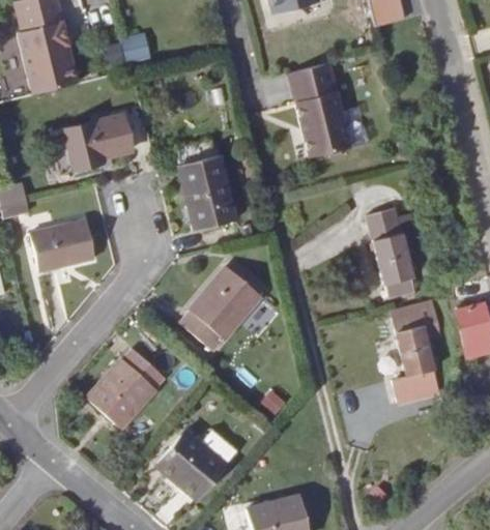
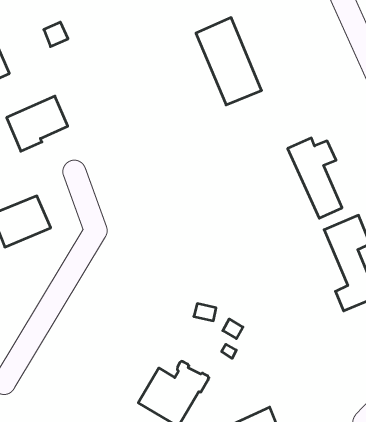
building: [179,155,236,230] -> none
building: [181,267,260,351] -> none
building: [88,348,166,426] -> none

